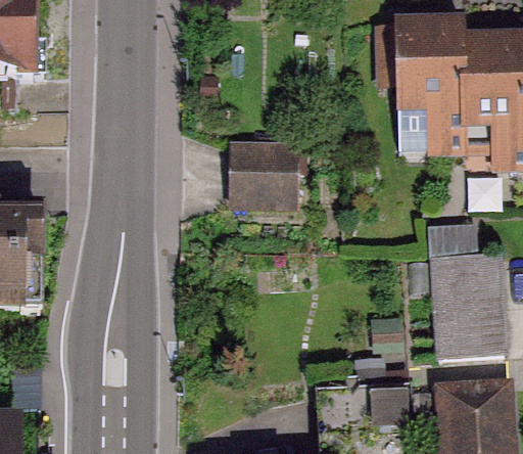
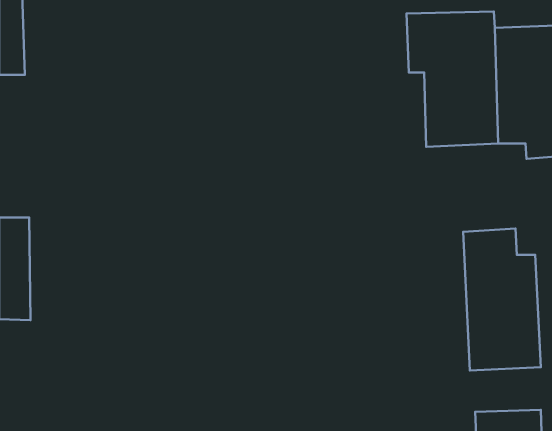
building: [237,142,306,201] -> none

